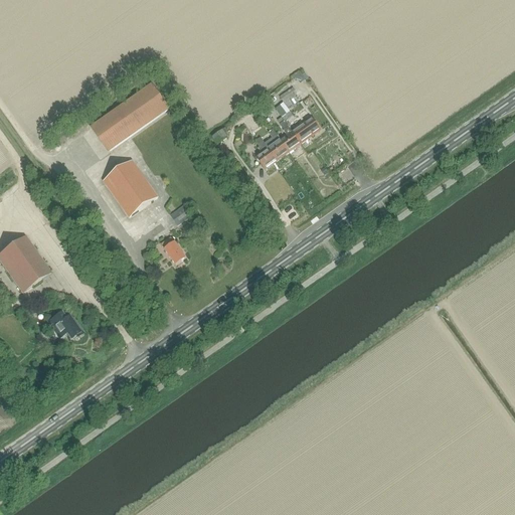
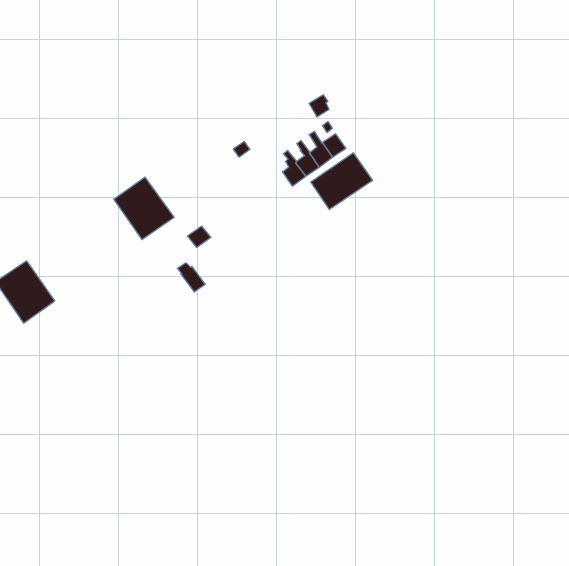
building: [92,83,166,149] -> none
building: none -> [311,153,373,210]
building: [46,311,82,338] -> none

